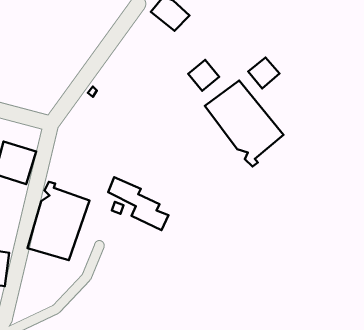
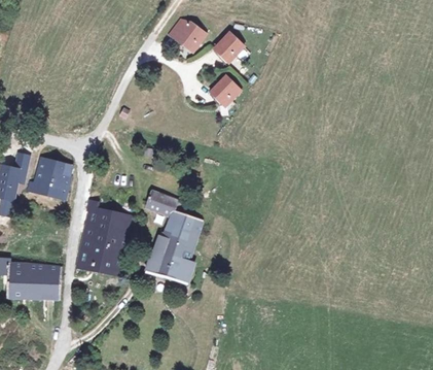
building: [248,58,279,89] -> [214,34,243,63]
building: [205,81,284,166] -> none
building: none -> [146,225,199,283]

